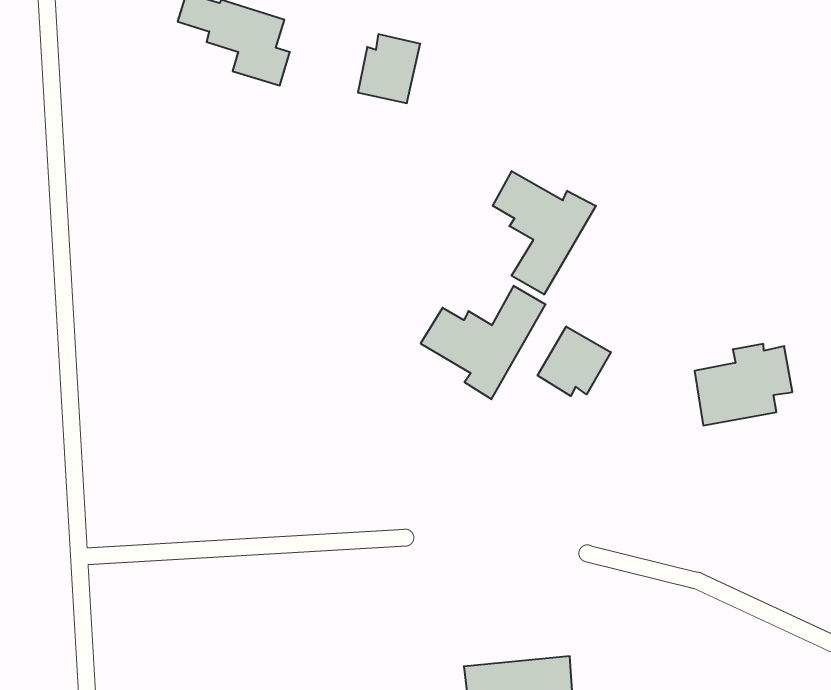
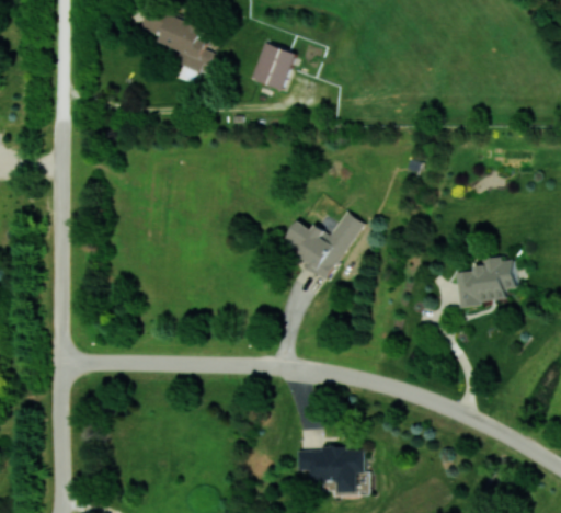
building: [493,171,596,295] -> none
building: [538,326,611,396] -> none

